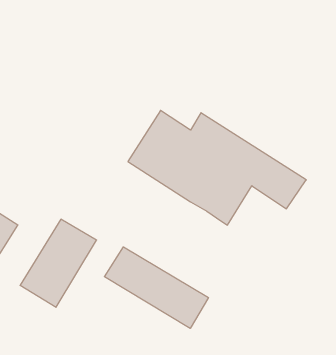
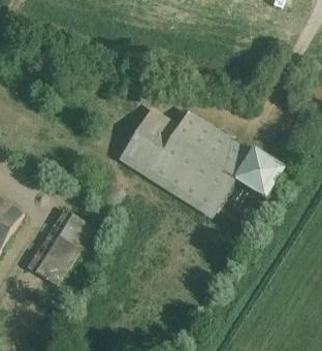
building: [104,247,208,328] -> none

